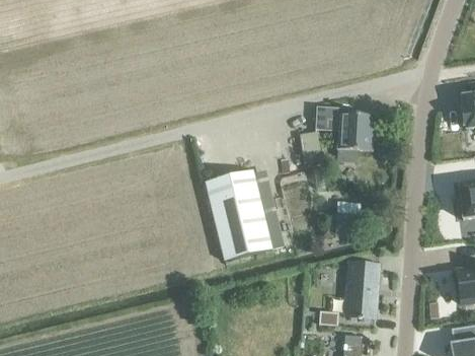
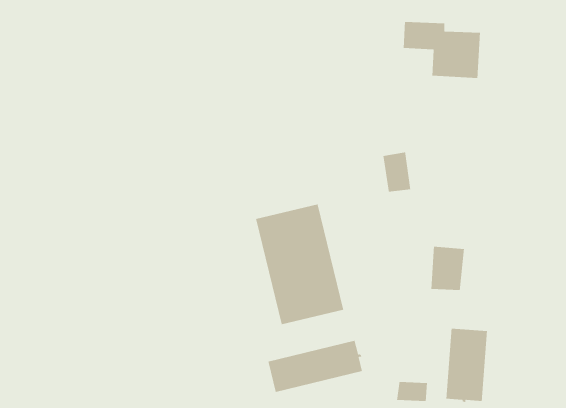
building: [316,106,374,149] -> [403,21,481,79]
building: none -> [268,340,363,393]

